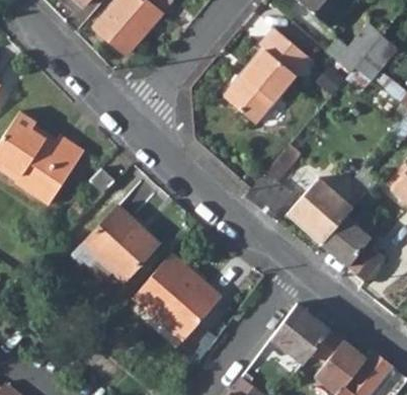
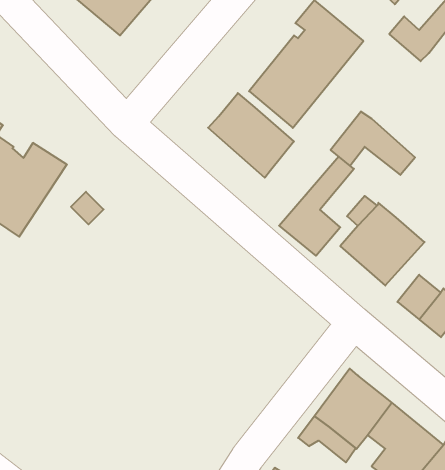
building: none -> [208,93,294,178]
building: none -> [331,111,415,175]
building: [81,206,157,283] -> none
building: [134,254,223,342] -> none

